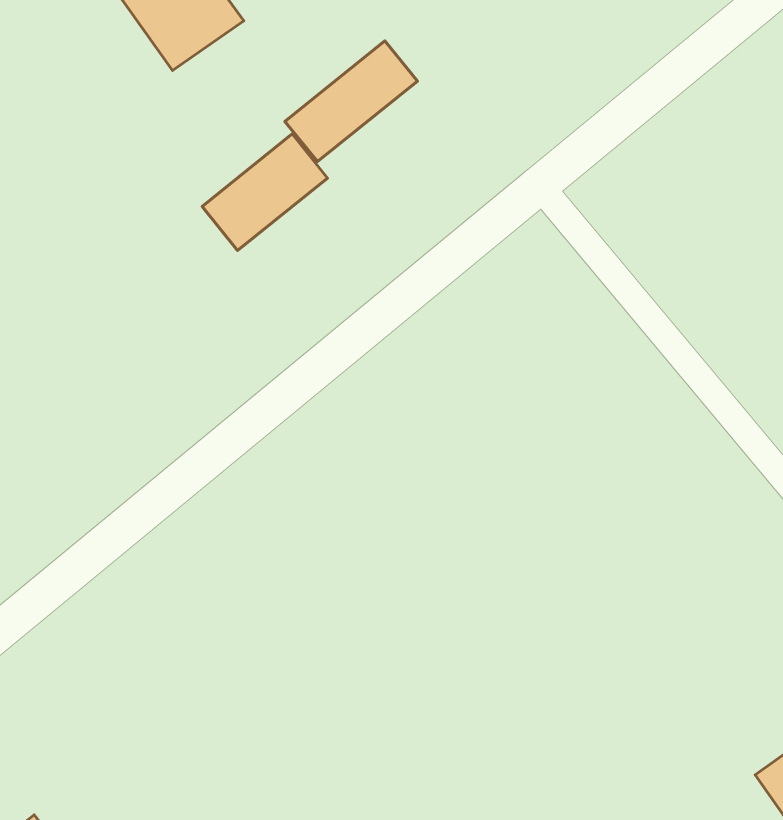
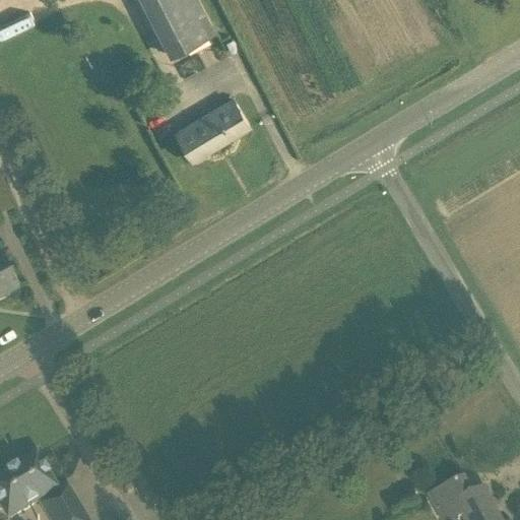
building: [285,41,417,161] -> none

